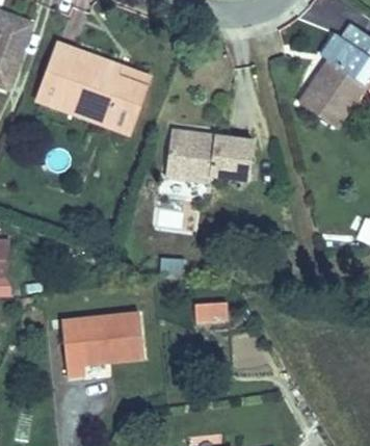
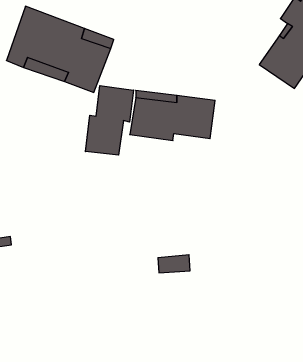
building: none -> [85,86,134,155]
building: [60,313,143,375] -> none

